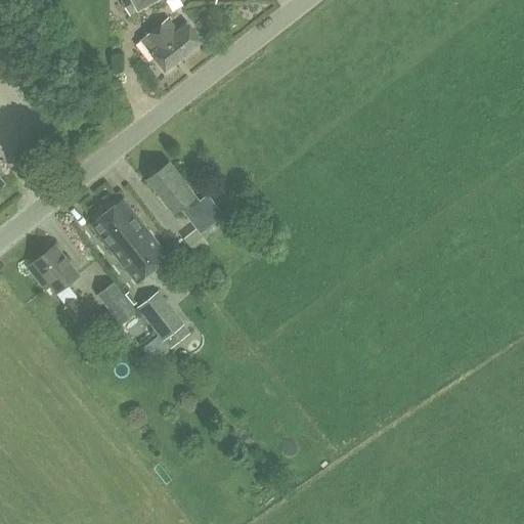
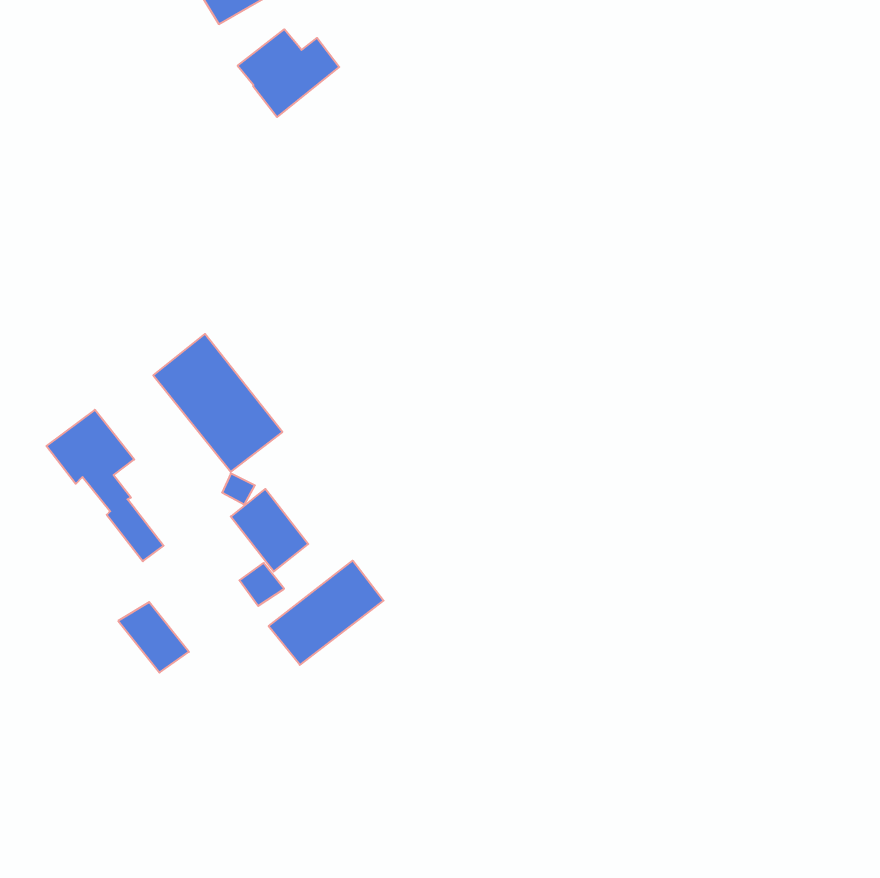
building: [147,161,223,232] -> none
building: [96,281,138,323] -> [118,602,189,673]
building: none -> [269,561,384,665]

